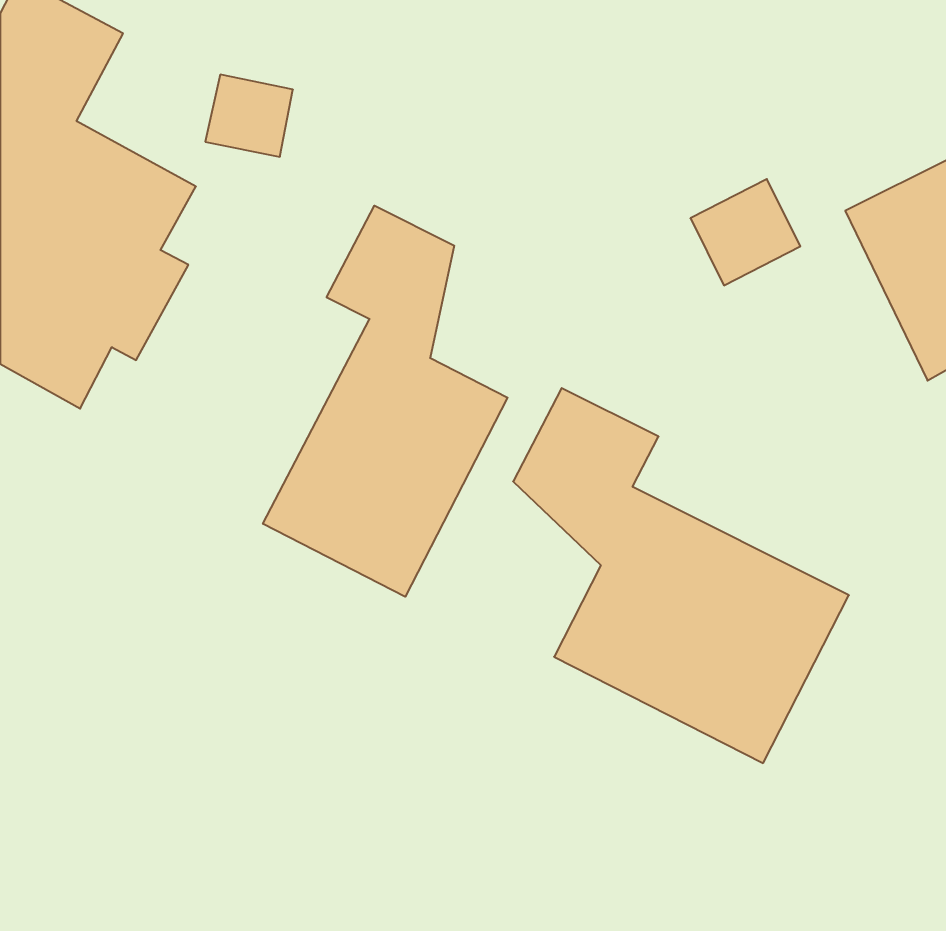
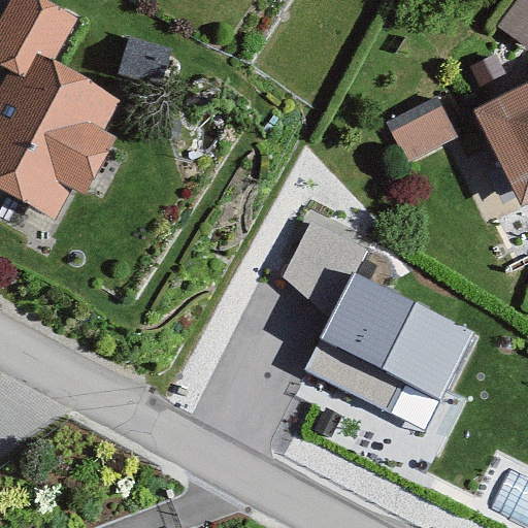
building: [263,206,508,597] -> none

